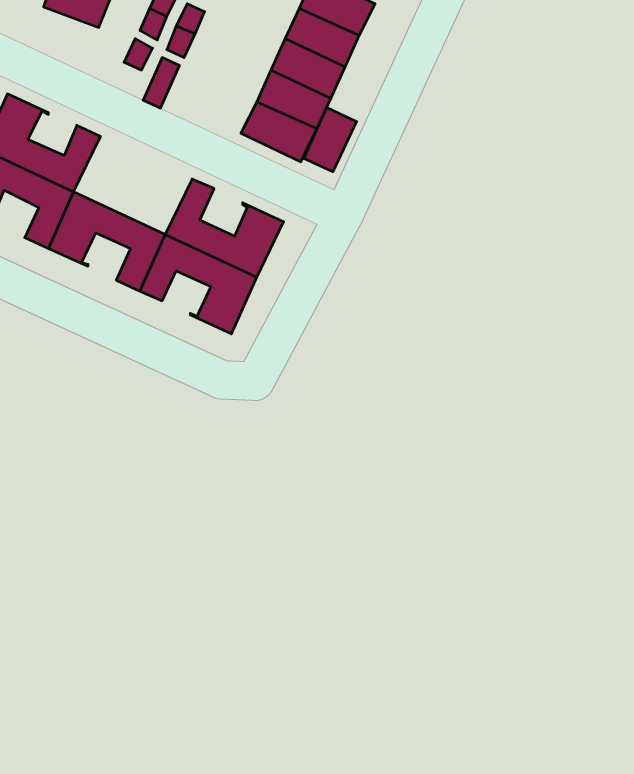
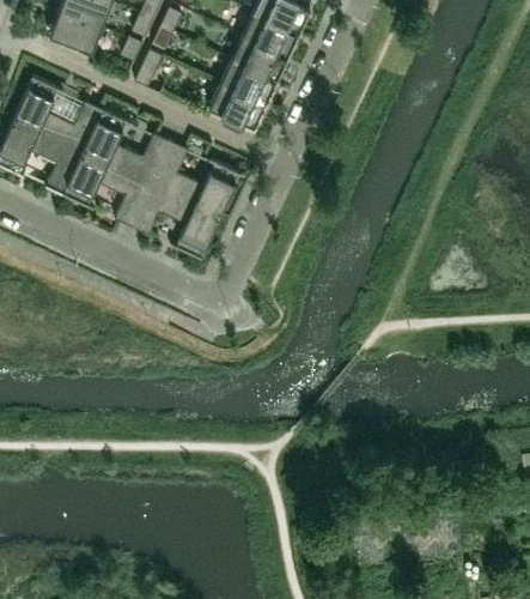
building: none -> [49,10,100,50]
building: [304,107,357,172] -> none
building: none -> [81,108,171,182]

